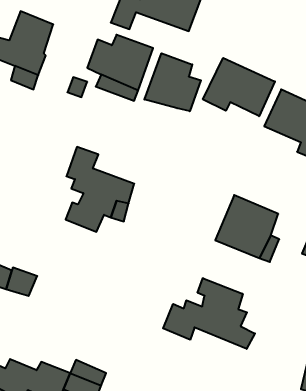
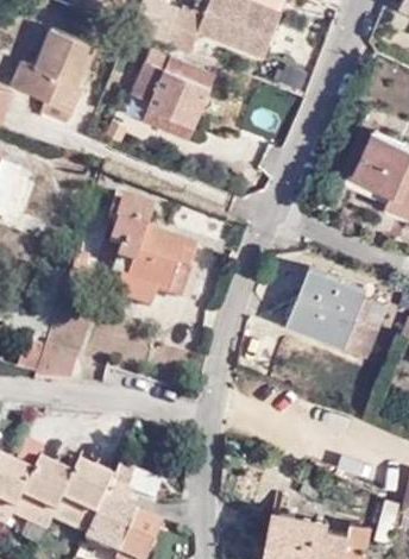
building: [144,53,201,111] -> none
building: [203,58,275,116] -> none
building: [163,278,255,349] -> none

